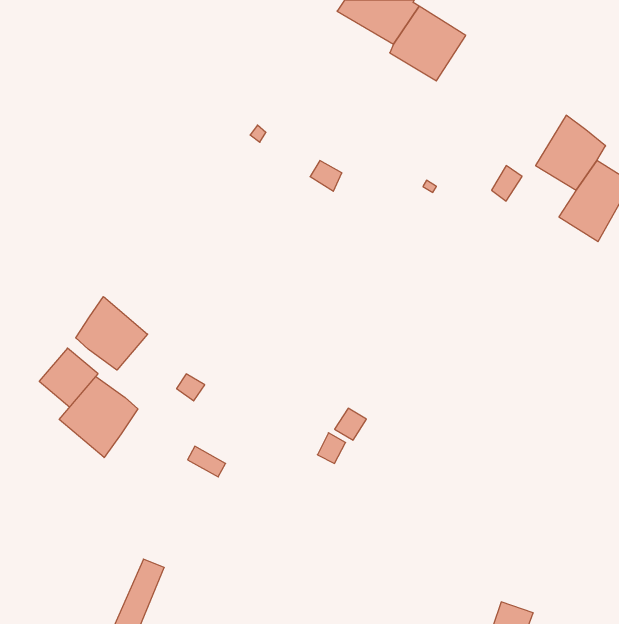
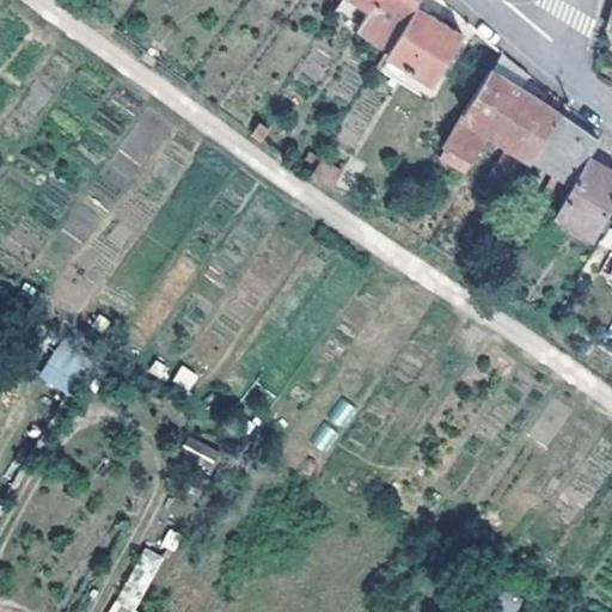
building: none -> [437,72,559,177]
building: [76,297,148,370] -> none
building: [59,377,138,458] -> none

